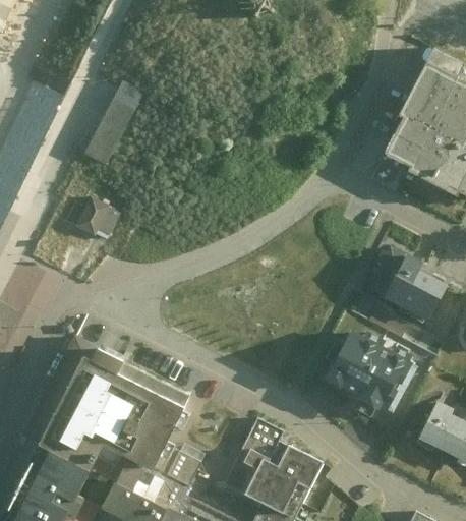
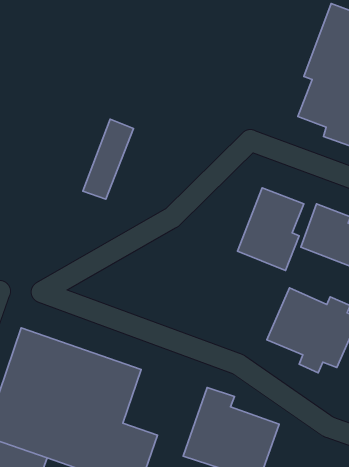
building: [91,75,150,156] -> [83,119,134,199]
building: [76,197,121,236] -> none
building: none -> [238,188,304,270]

